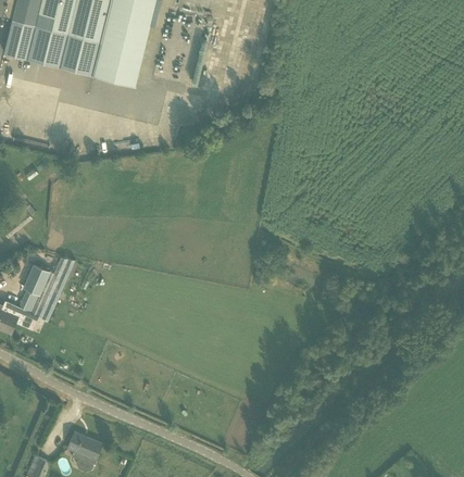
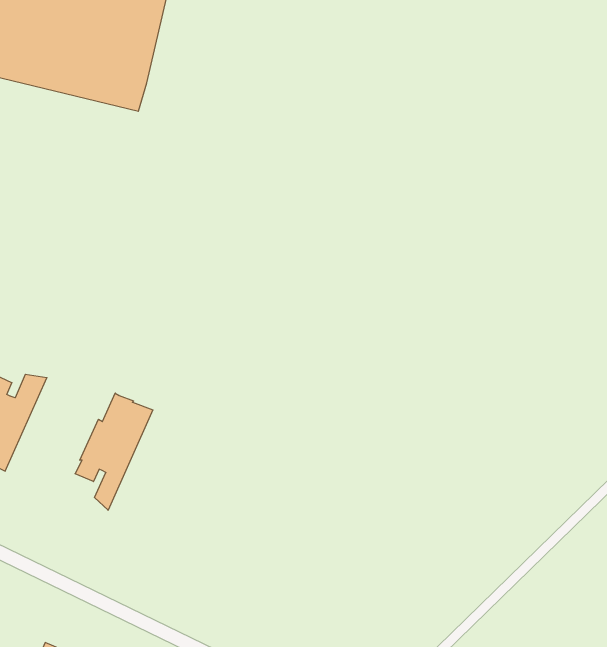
building: none -> [75,393,153,510]

